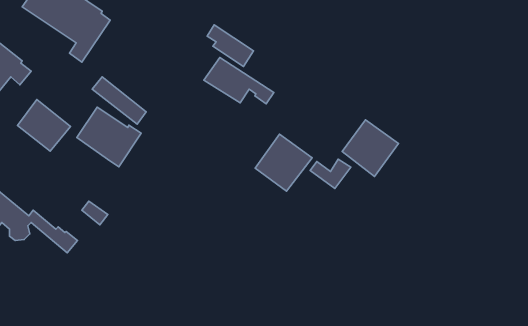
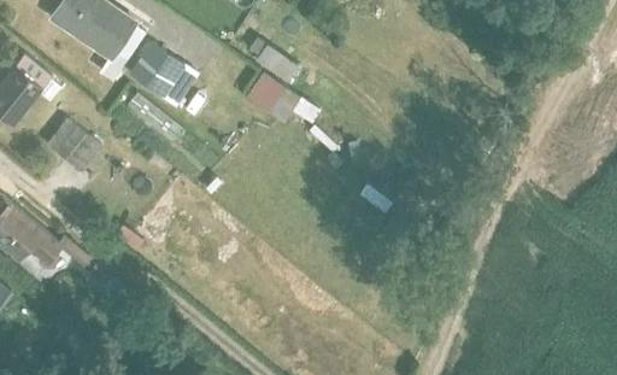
building: [77,107,141,167] -> [129,42,198,106]
building: [342,120,399,176] -> none
building: [255,134,312,191] -> none

